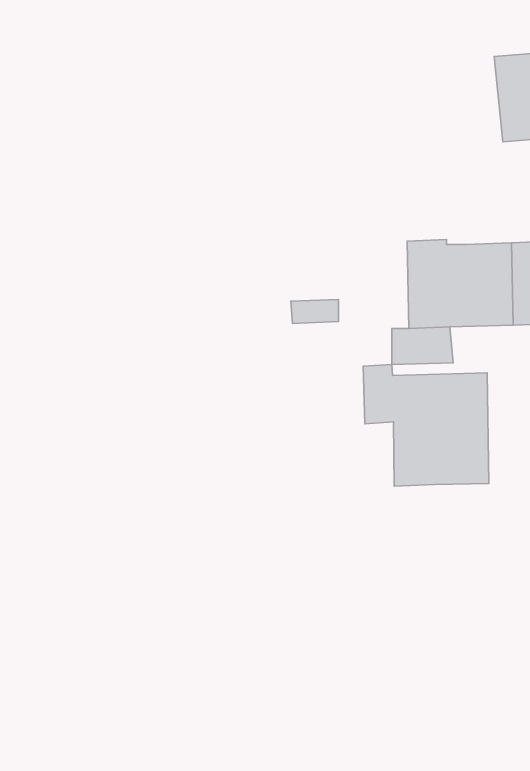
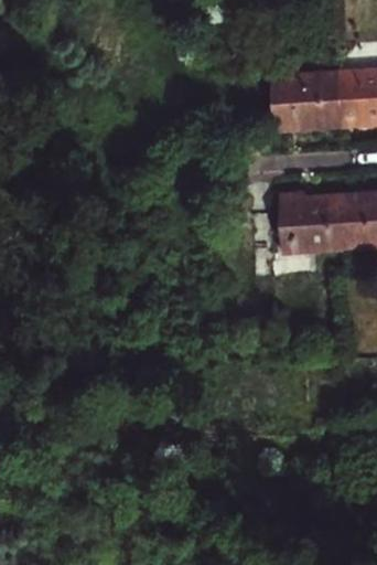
building: none -> [270,72,343,134]
building: [363,364,489,486] -> none

